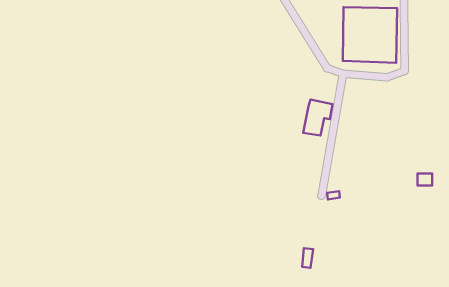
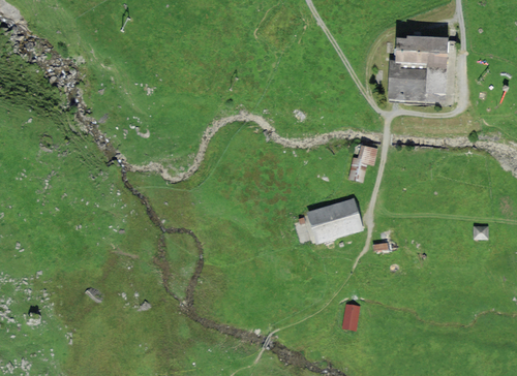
building: none -> [304,196,364,243]

